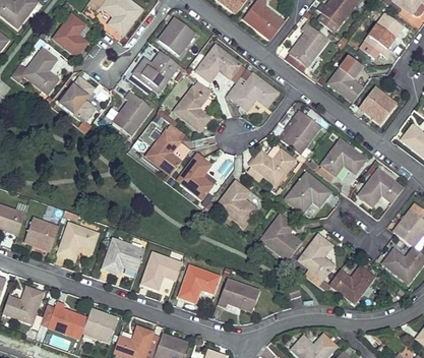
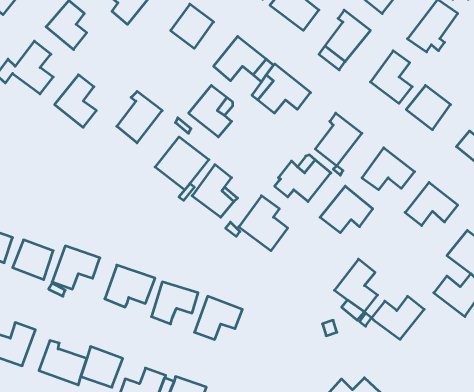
building: [132,51,179,93] -> none
building: [260,215,302,260] -> none
building: [218,279,259,311] -> none

